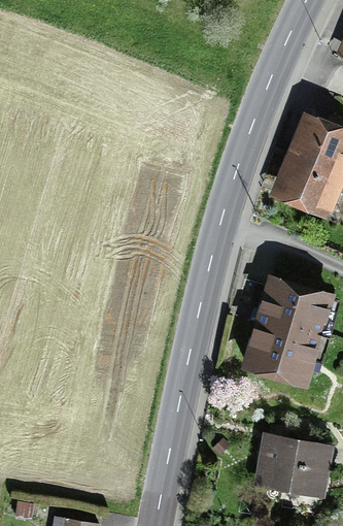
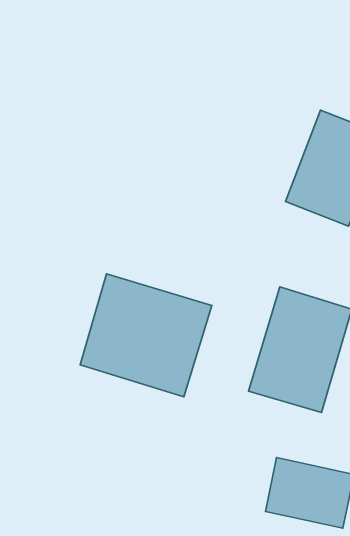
building: none -> [80,274,212,397]

